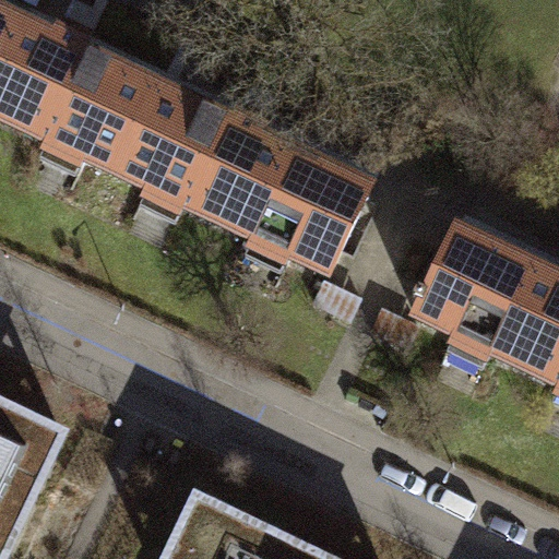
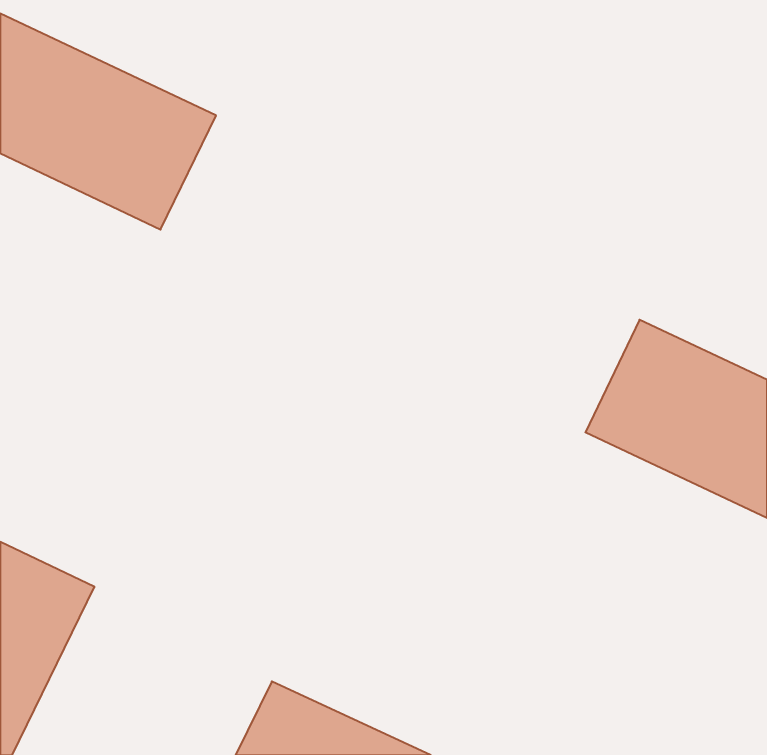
building: [117,84,371,269] -> none

